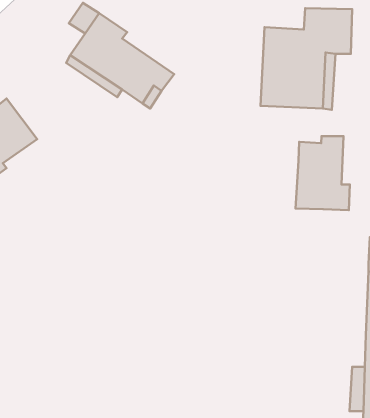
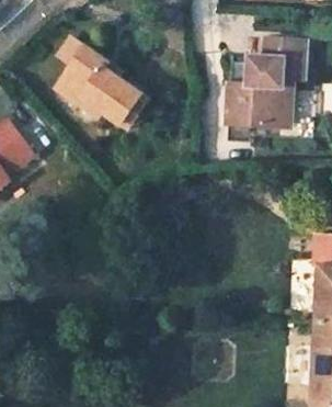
building: [296,136,350,210] -> none

